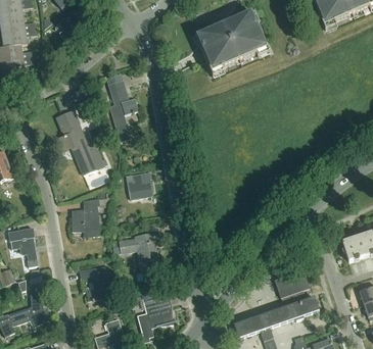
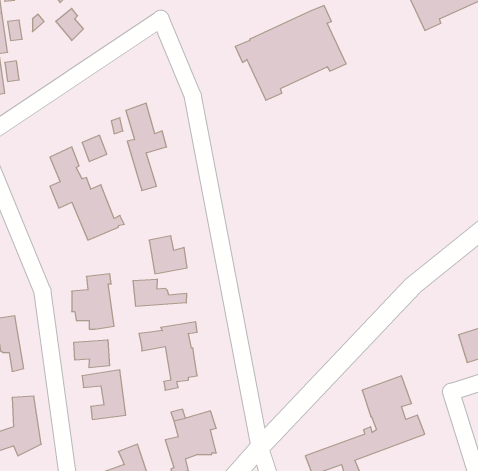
building: none -> [133,279,187,306]
building: none -> [74,340,110,368]

